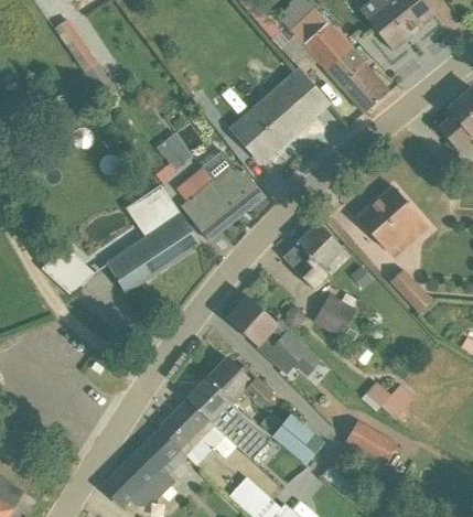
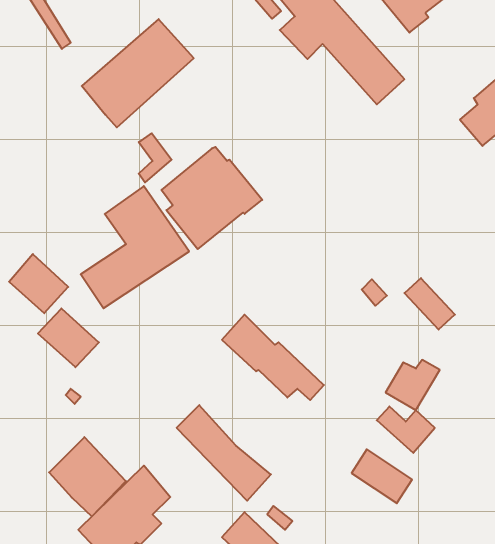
building: [230,68,329,163] -> [82,19,194,127]
building: [358,186,422,251] -> none
building: [283,223,344,290] -> none
building: none -> [38,308,99,367]
building: [314,293,362,337] -> [386,360,440,410]
building: [209,358,275,408] -> none
building: [159,397,226,466] -> [49,437,126,516]
building: [259,412,324,465] -> none

